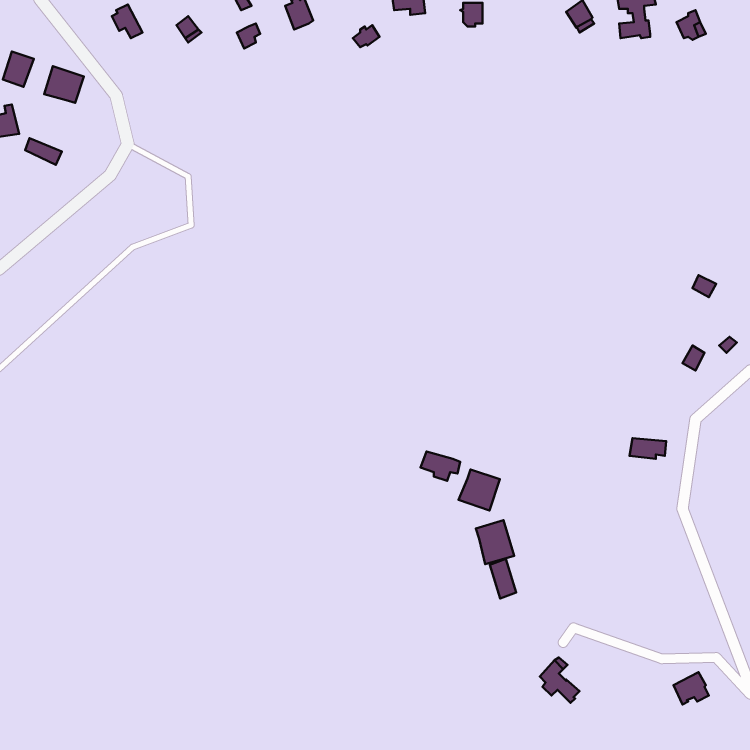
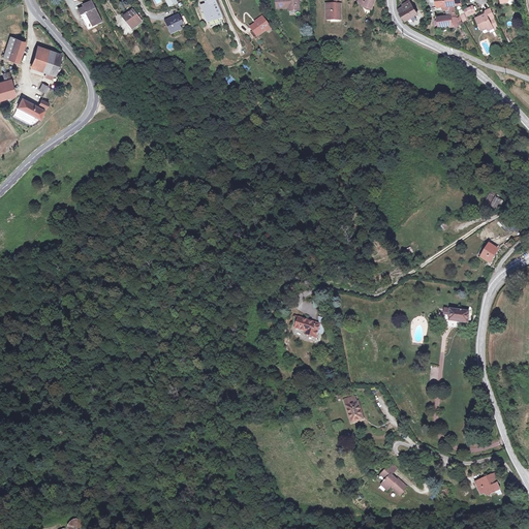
building: [459,469,500,511] -> none
building: [476,520,514,564] -> none

